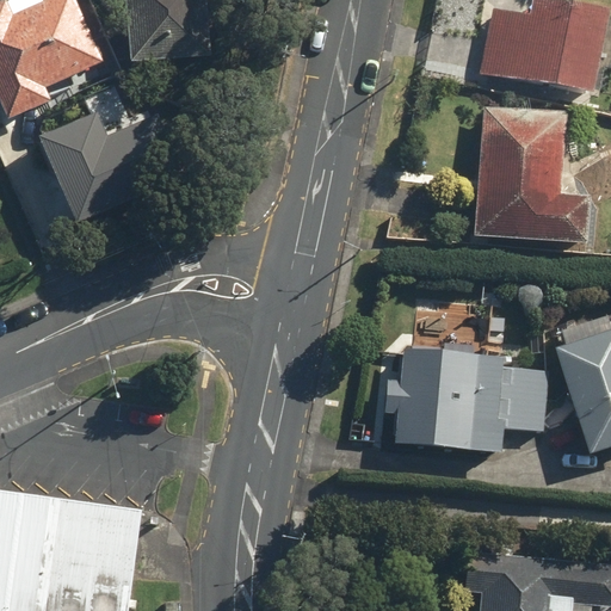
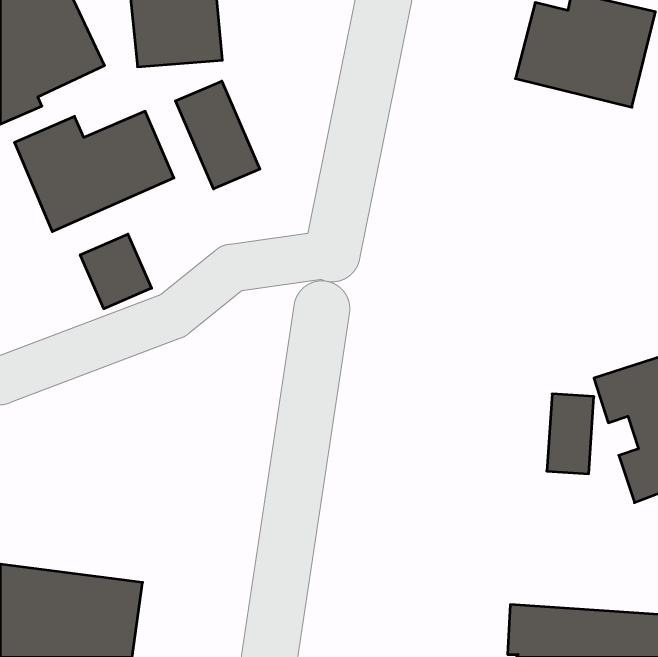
building: none -> [175,81,260,189]
building: [474,101,585,246] -> none
building: none -> [80,234,152,309]
building: [383,337,506,456] -> none

